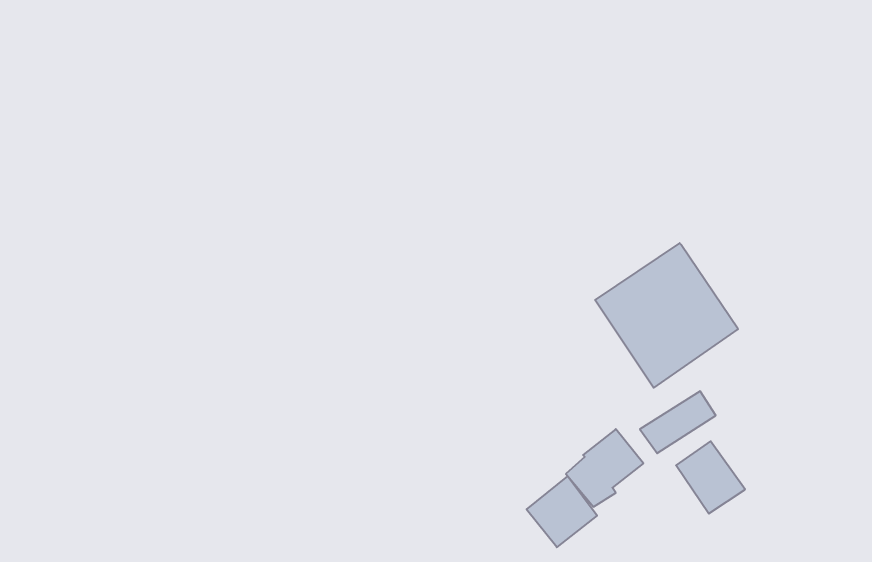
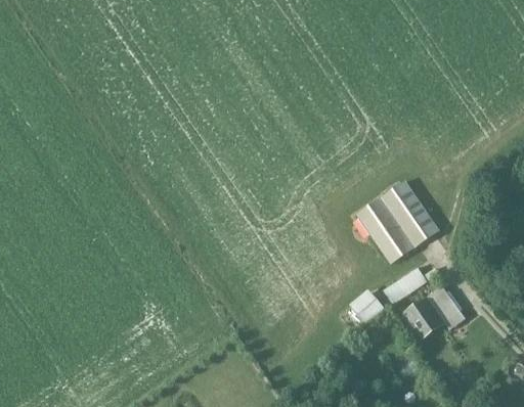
building: none -> [431,293,464,329]
building: [527,476,597,547] -> none

